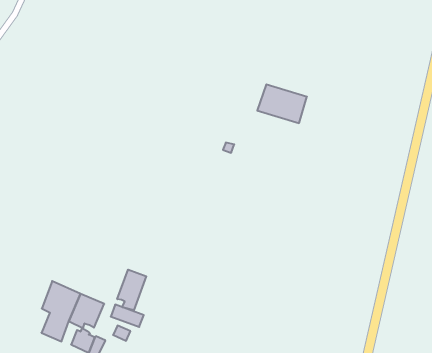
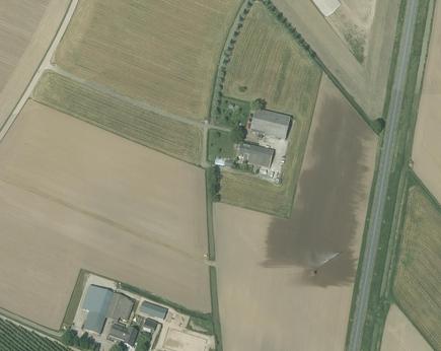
building: none -> [238,142,274,165]
building: [117,270,146,310] -> none

